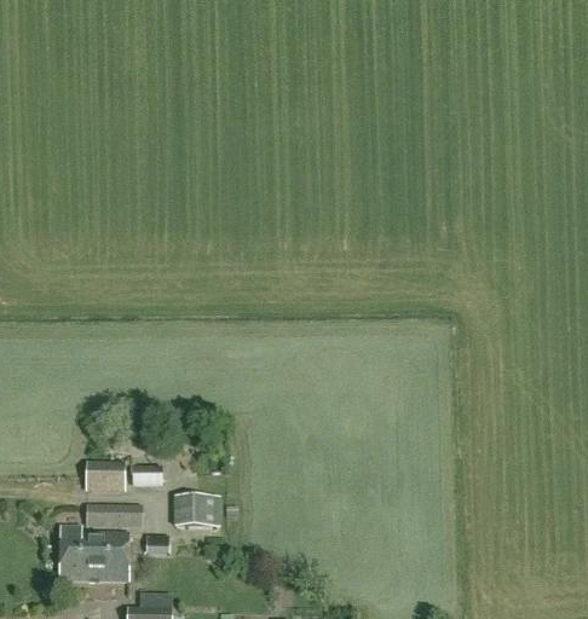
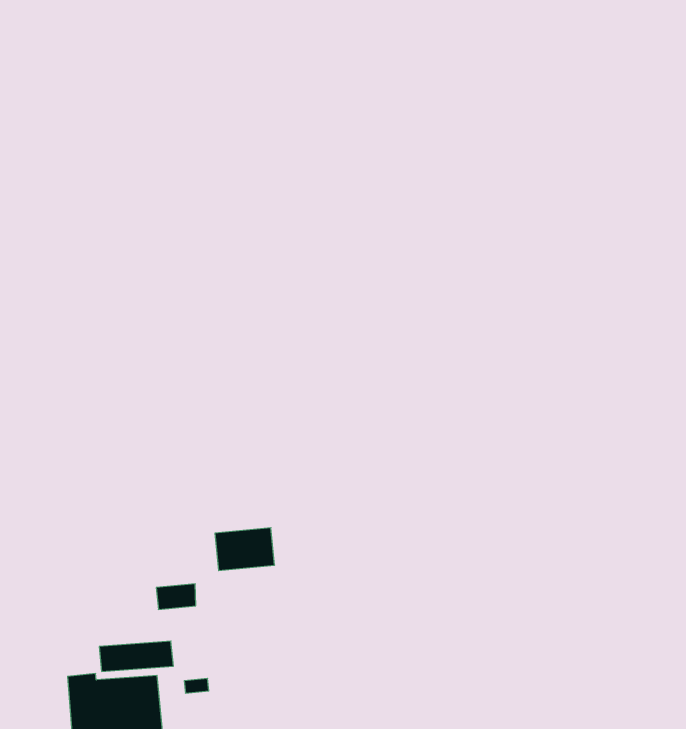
building: [86,462,125,490] -> none
building: [174,496,218,525] -> [215,528,275,571]

